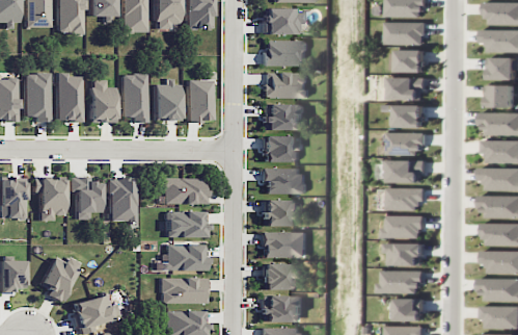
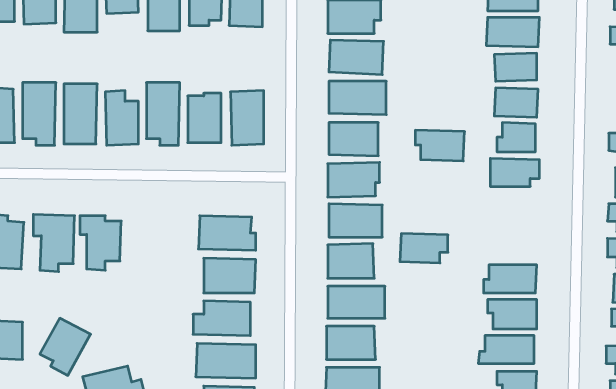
building: [387,159,426,183] -> [415,130,465,161]
building: [109,179,136,221] -> none
building: [389,187,427,210] -> [400,234,448,263]

